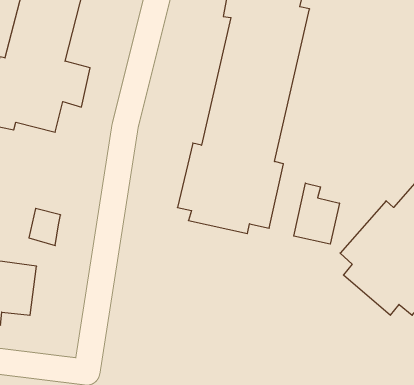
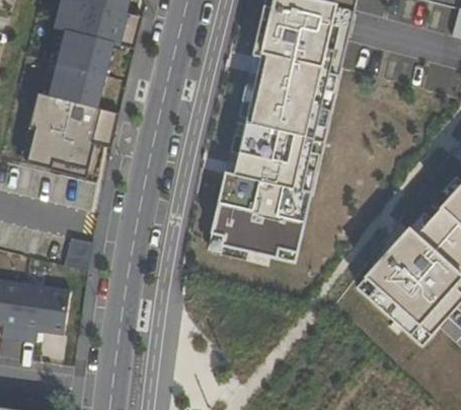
building: [294,183,339,244] -> none

